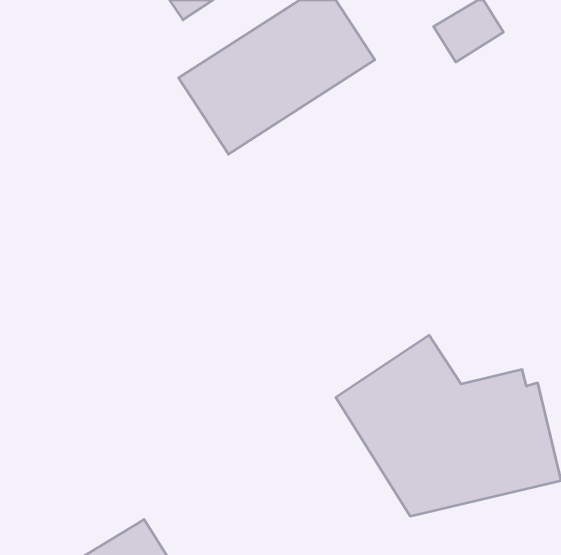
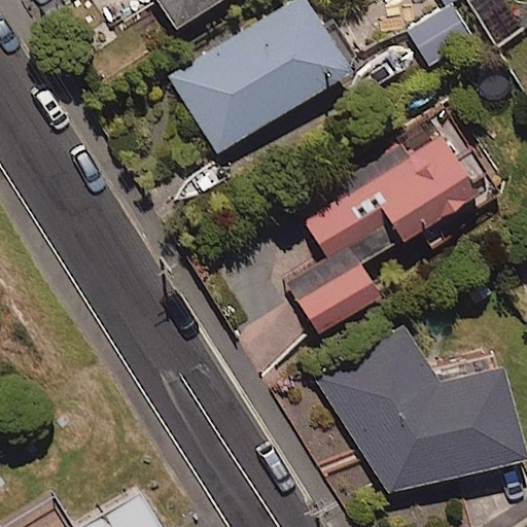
building: none -> [274,127,499,336]

